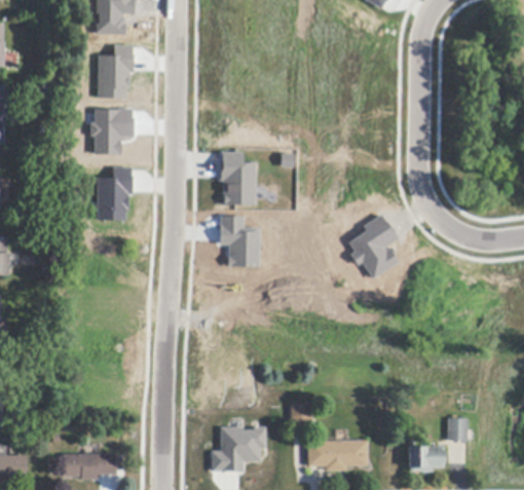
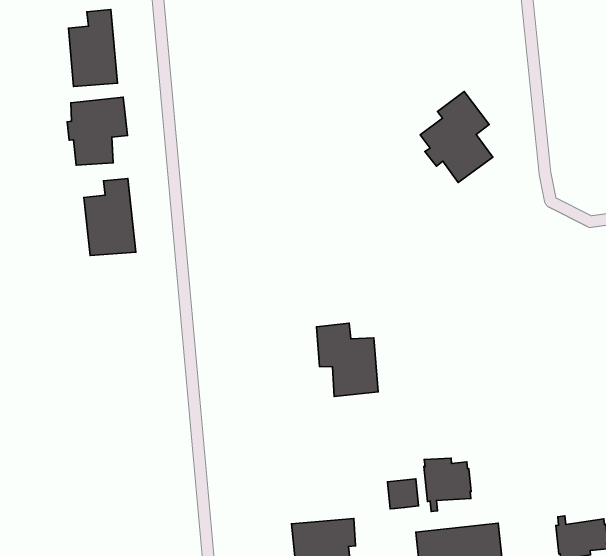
building: [221,151,256,204] -> none
building: [347,213,398,277] -> [420,91,493,182]
building: [218,215,259,266] -> [317,323,378,397]
building: none -> [424,458,471,512]

